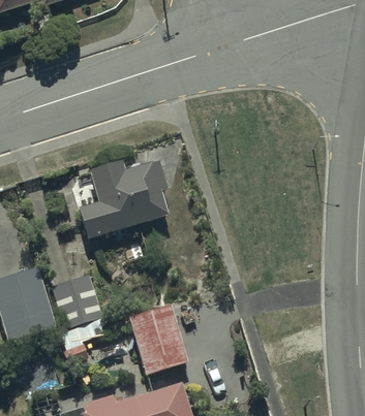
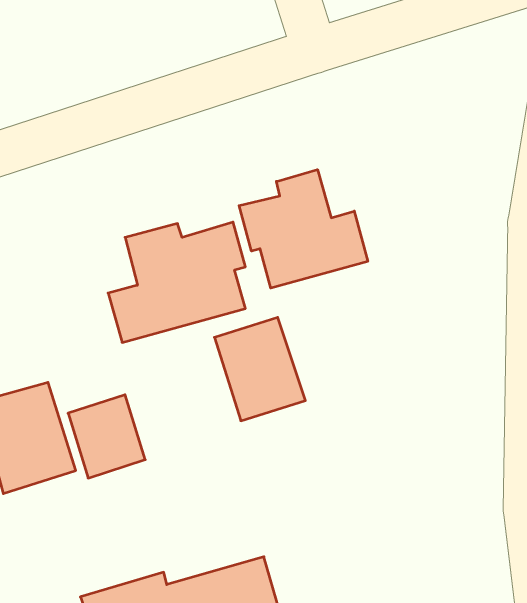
building: none -> [239,170,368,288]
building: [127,306,188,375] -> [214,317,305,421]

